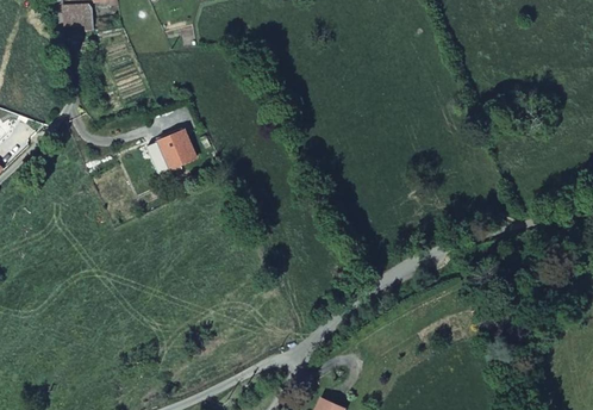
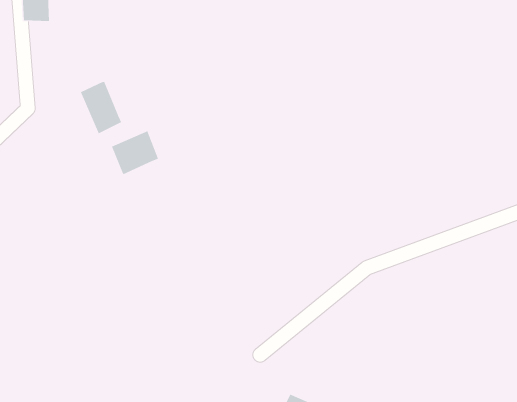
building: none -> [80,81,122,134]

